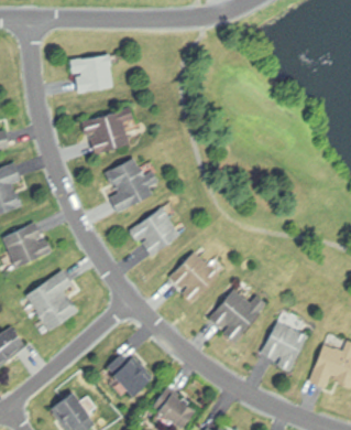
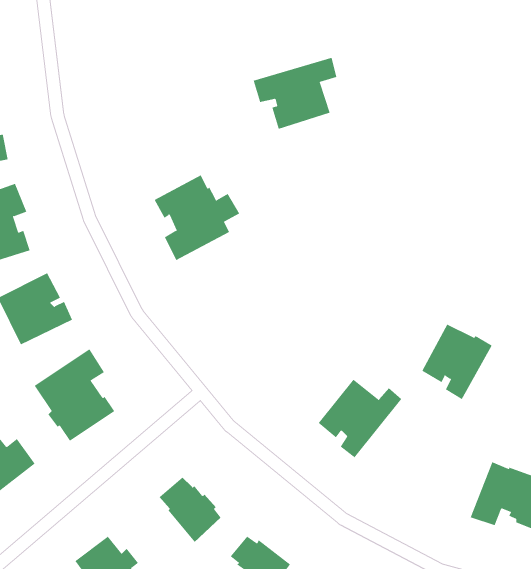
building: [68,53,112,93] -> none
building: [77,106,132,153] -> [253,57,337,130]
building: [128,206,179,257] -> none
building: [167,251,219,303] -> none
building: [261,322,307,372] -> [421,324,492,400]

